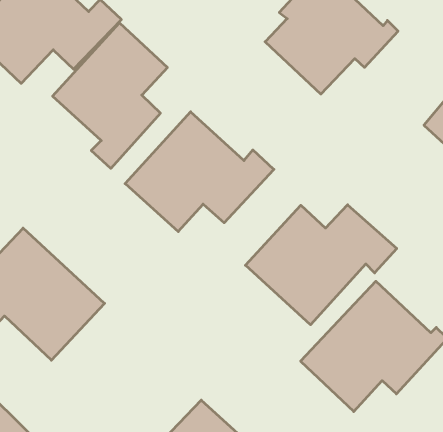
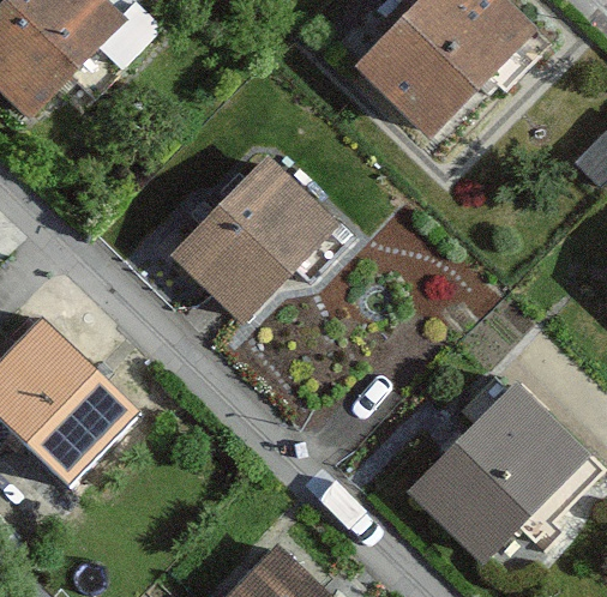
building: [53,23,167,168] -> none
building: [245,205,397,325] -> none

